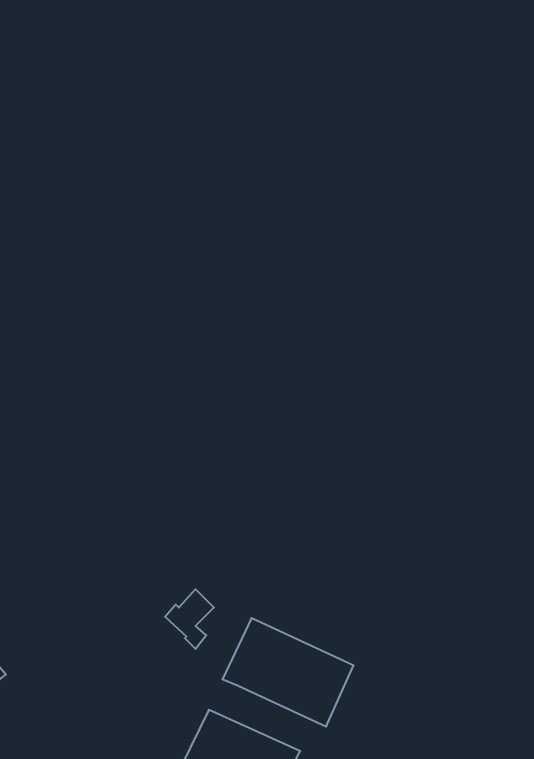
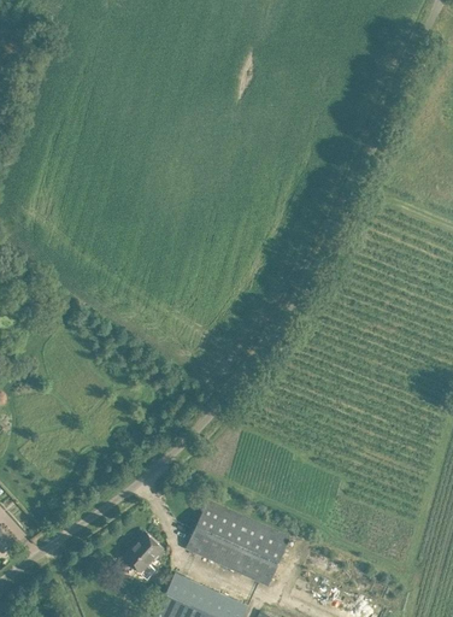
building: [165,589,214,649] -> [123,534,161,581]

